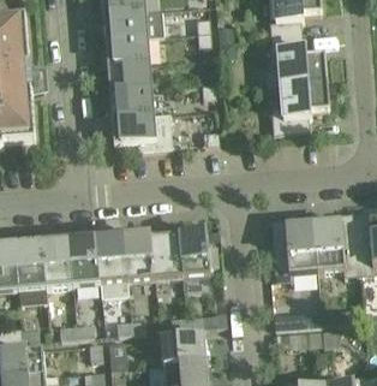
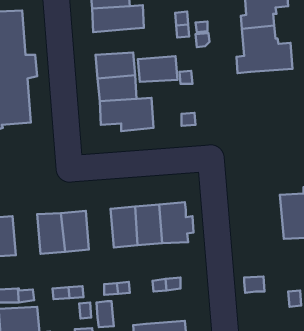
building: [104,36,149,65] -> [138,56,178,82]
building: [270,81,329,133] -> none
building: [270,216,317,281] -> none
building: [96,237,128,297] -> none
building: [14,243,47,303] -> none
building: [161,333,207,366] -> none

